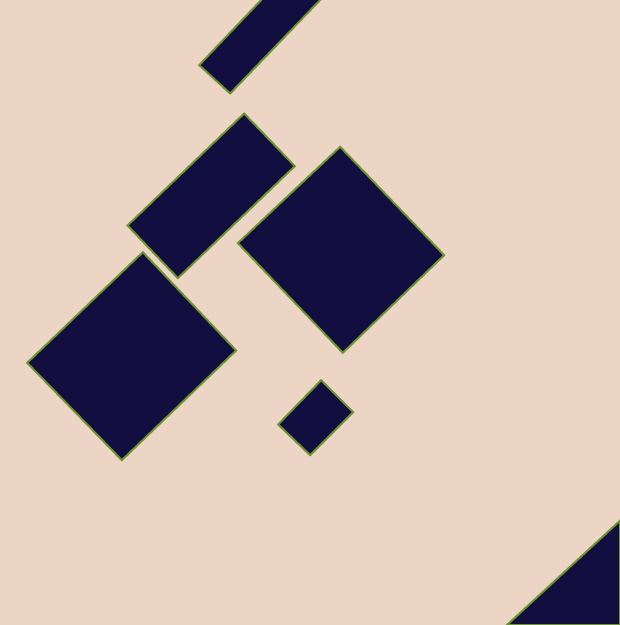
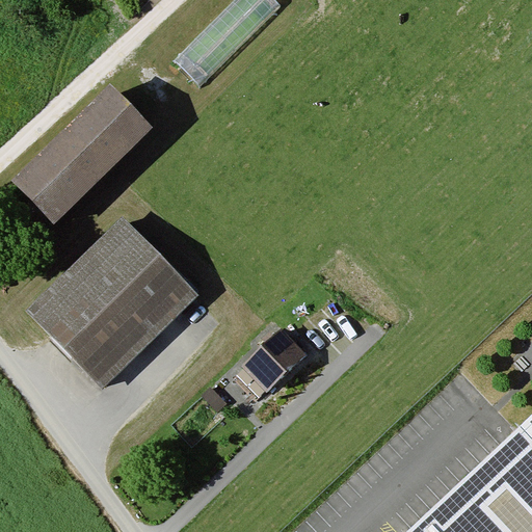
building: [127,113,295,278] -> [15,85,156,224]
building: [238,147,444,353] -> none

